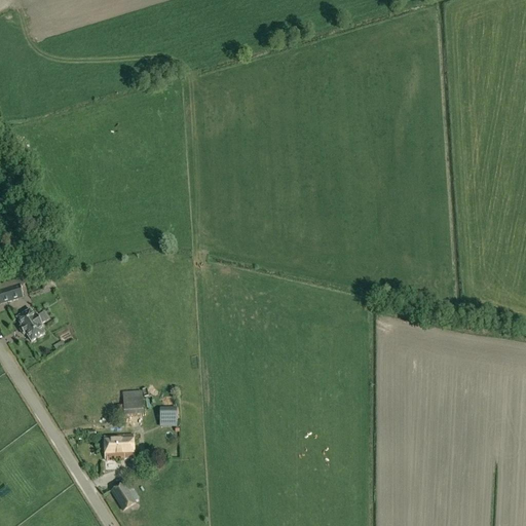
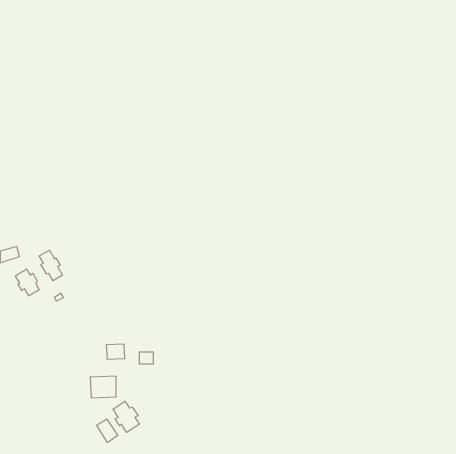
building: none -> [39,250,62,281]
building: none -> [113,401,139,432]

